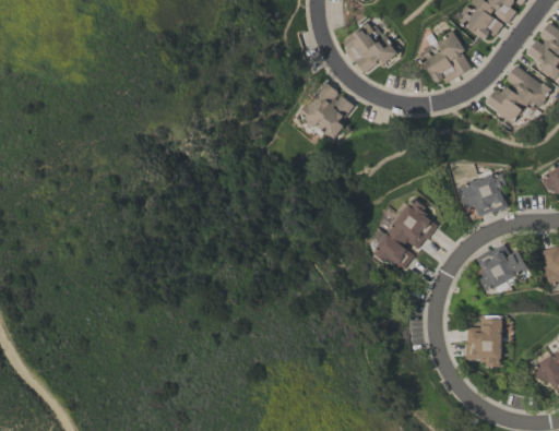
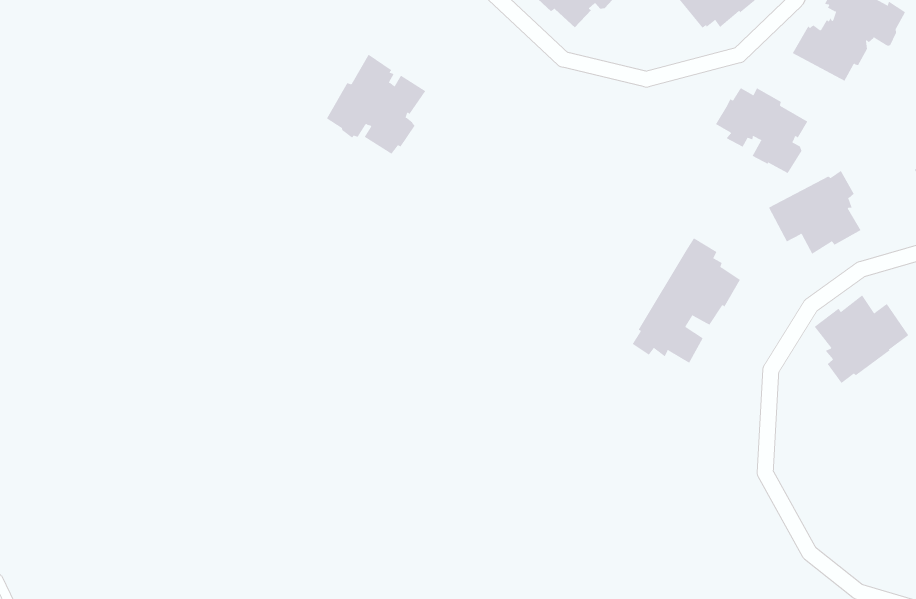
building: [297,81,355,139] -> [326,54,426,155]
building: none -> [715,87,808,174]
building: [466,320,503,367] -> none

